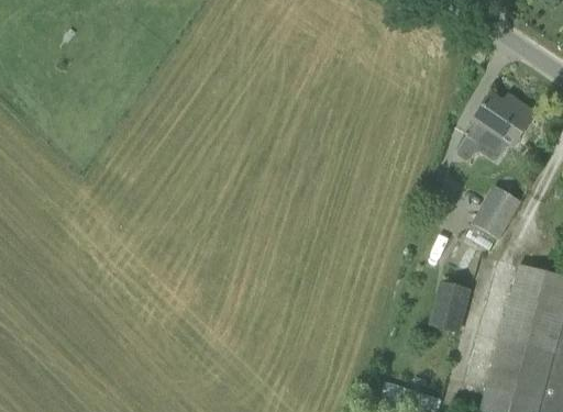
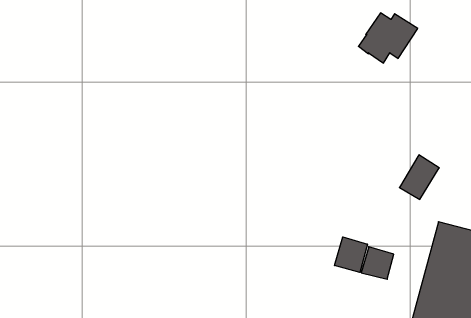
building: [465,93,536,153] -> [358,13,418,63]
building: none -> [335,237,367,272]

